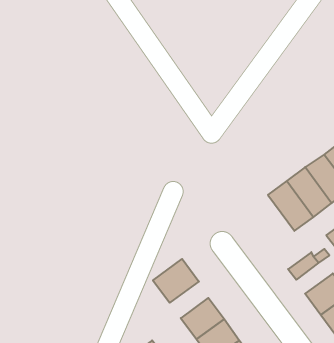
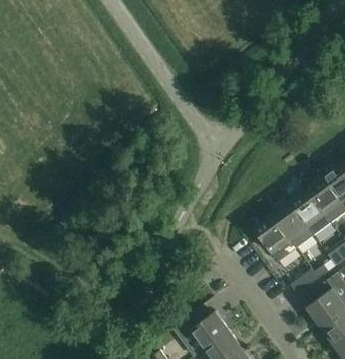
building: none -> [254,215,297,262]
building: [153,259,199,303] -> none

